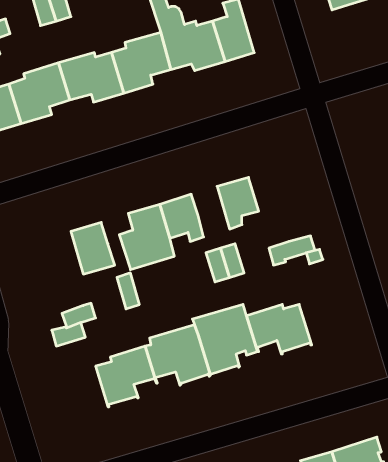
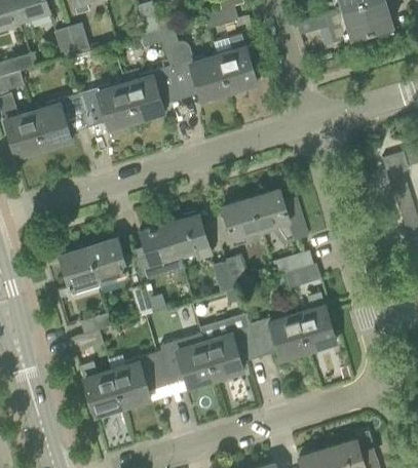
building: none -> [252,189,307,241]
building: none -> [61,247,101,295]
building: none -> [298,292,337,351]
building: none -> [81,362,123,416]

